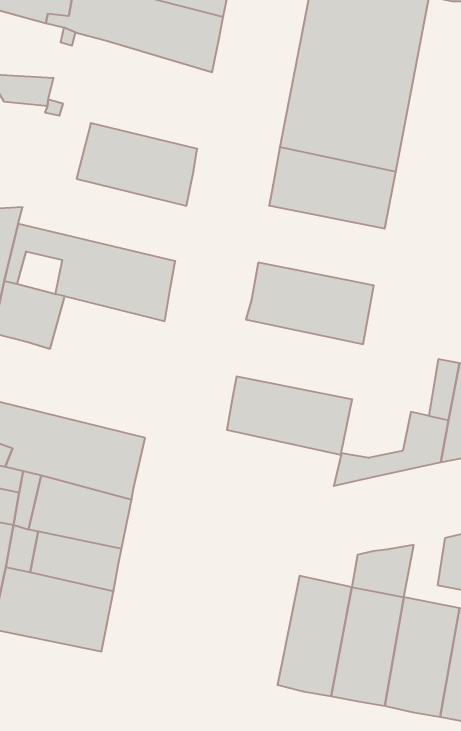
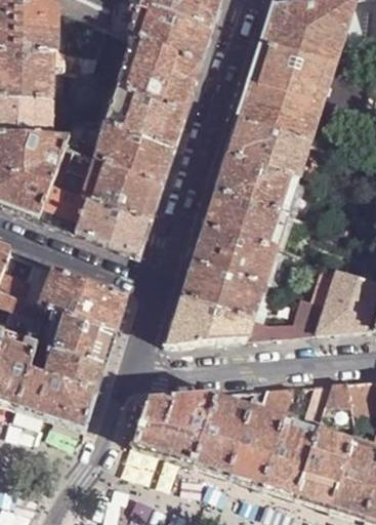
building: none -> [118,35,200,112]
building: none -> [64,113,173,183]
building: none -> [215,154,299,213]
building: none -> [75,197,151,254]
building: none -> [193,226,277,285]
building: none -> [166,295,254,345]
building: none -> [130,390,220,463]

